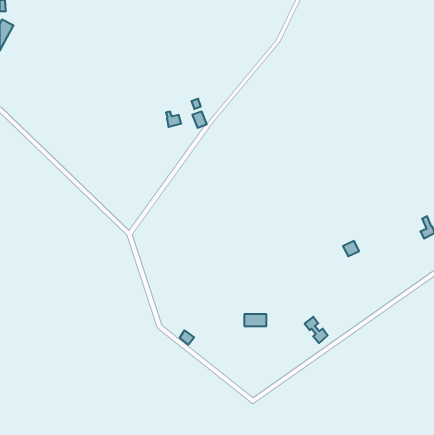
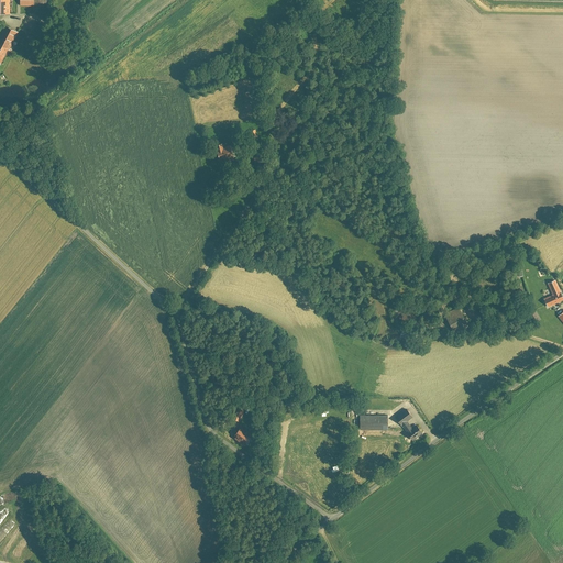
building: [244,314,266,326] -> [358,415,387,430]

